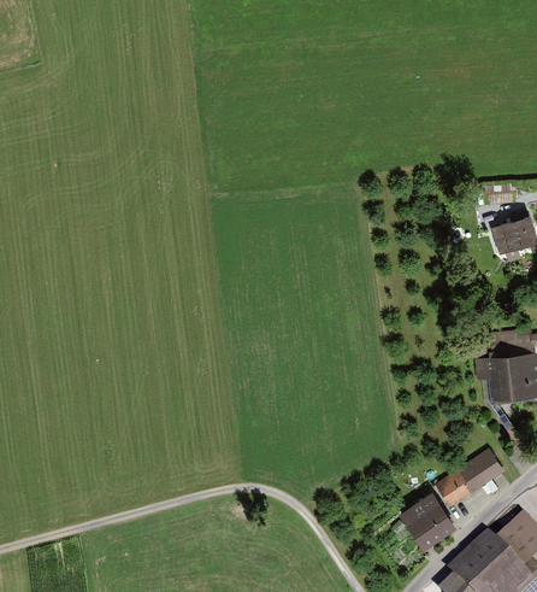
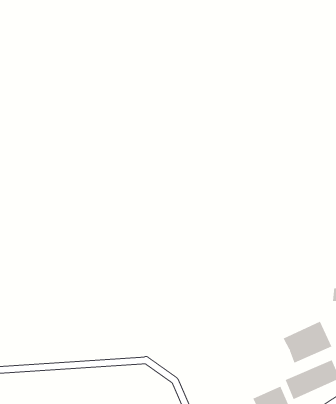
building: none -> [283,321,332,364]

